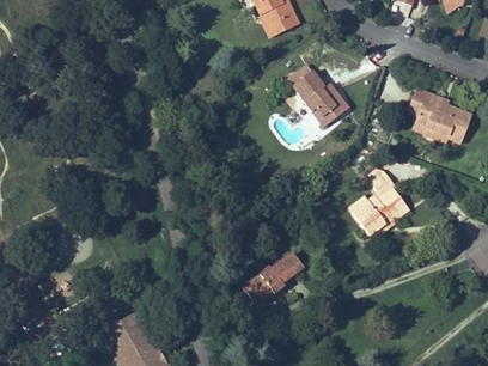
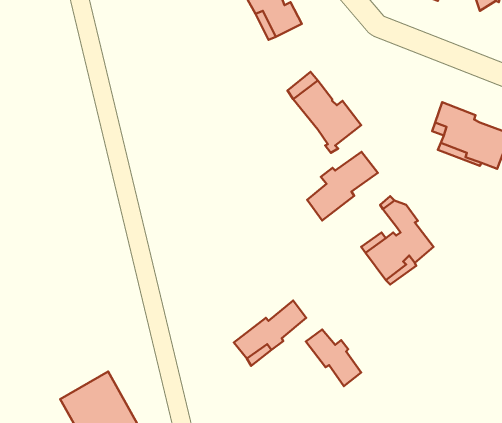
building: none -> [307,152,378,220]
building: none -> [306,329,361,386]

